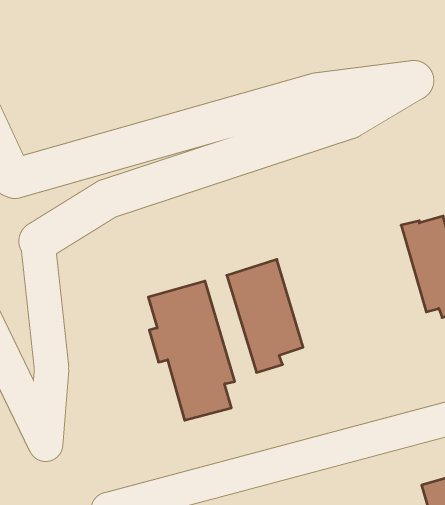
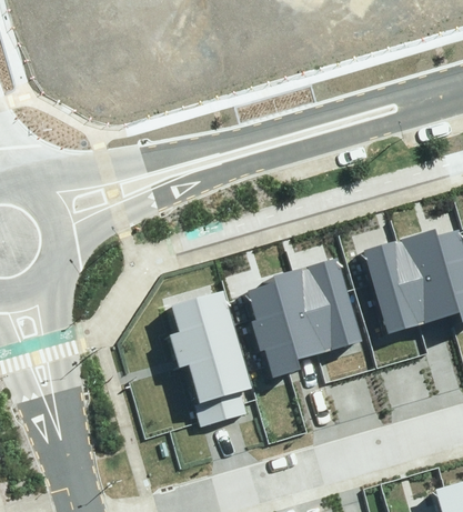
building: none -> [364,235,440,334]
building: none -> [294,257,361,354]

